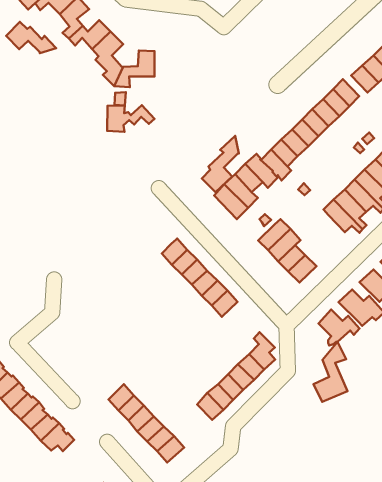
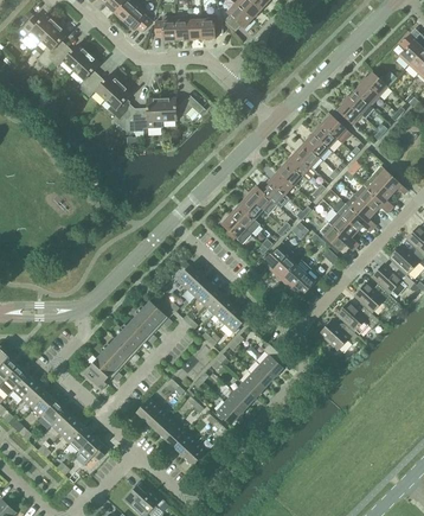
building: [6,22,56,53] -> none
building: [107,105,154,132] -> [161,96,204,121]
building: [202,136,239,192] -> none
building: none -> [90,301,166,382]
building: [314,342,347,402] -> none

